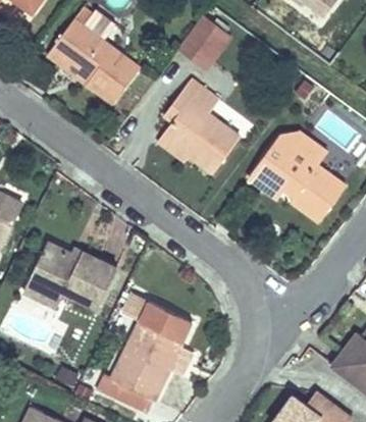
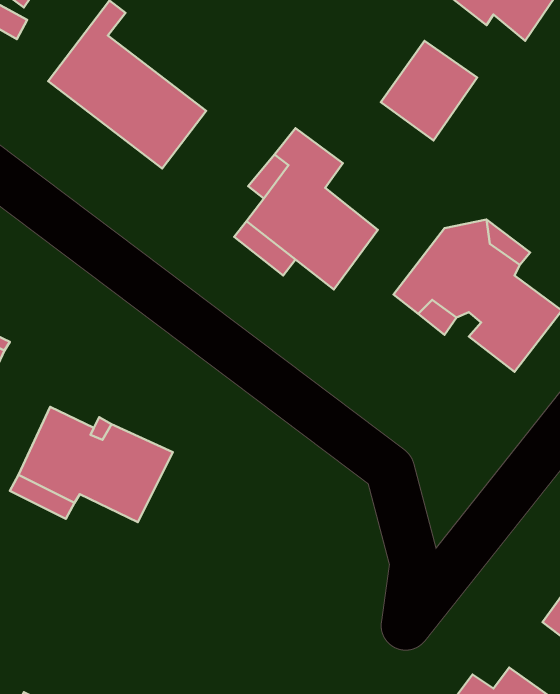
building: [178,13,234,71] -> [381,41,477,141]
building: [110,300,193,400] -> none

